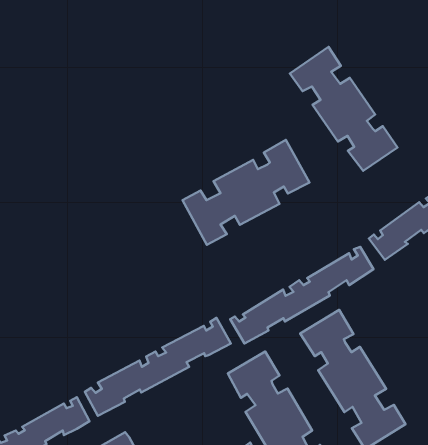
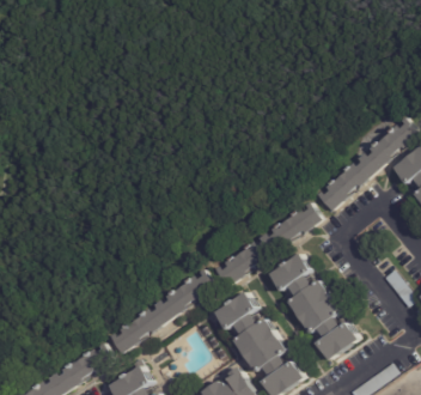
building: [290,47,398,171] -> none
building: [182,140,310,245] -> none

